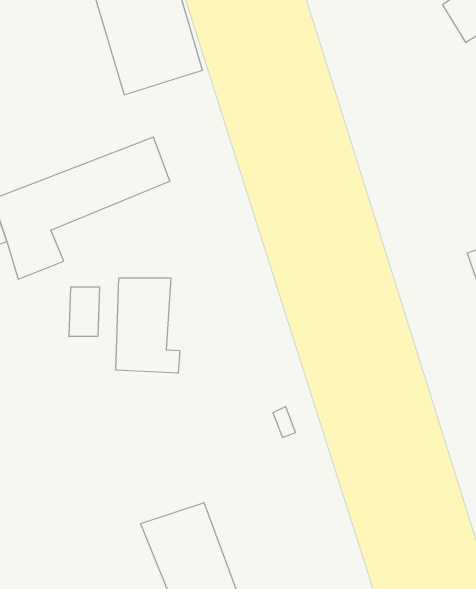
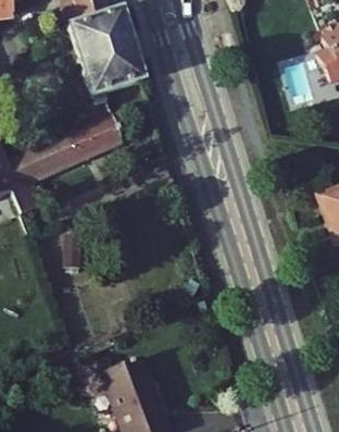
building: [116,278,180,373] -> none

